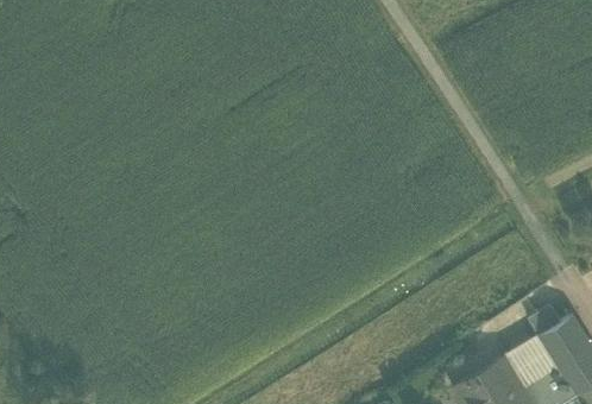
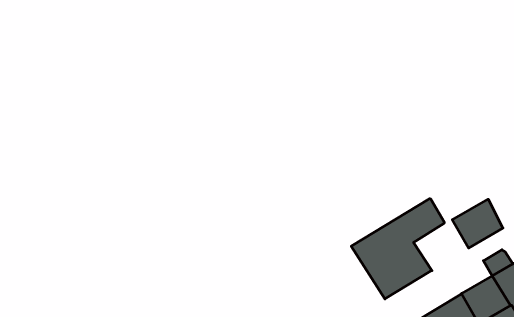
building: none -> [351,199,444,299]
building: none -> [452,199,503,248]

